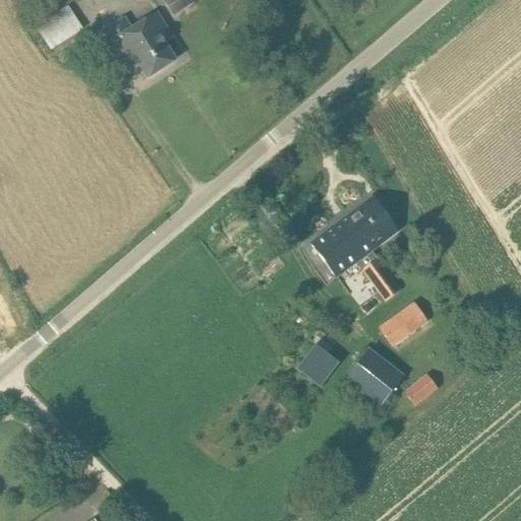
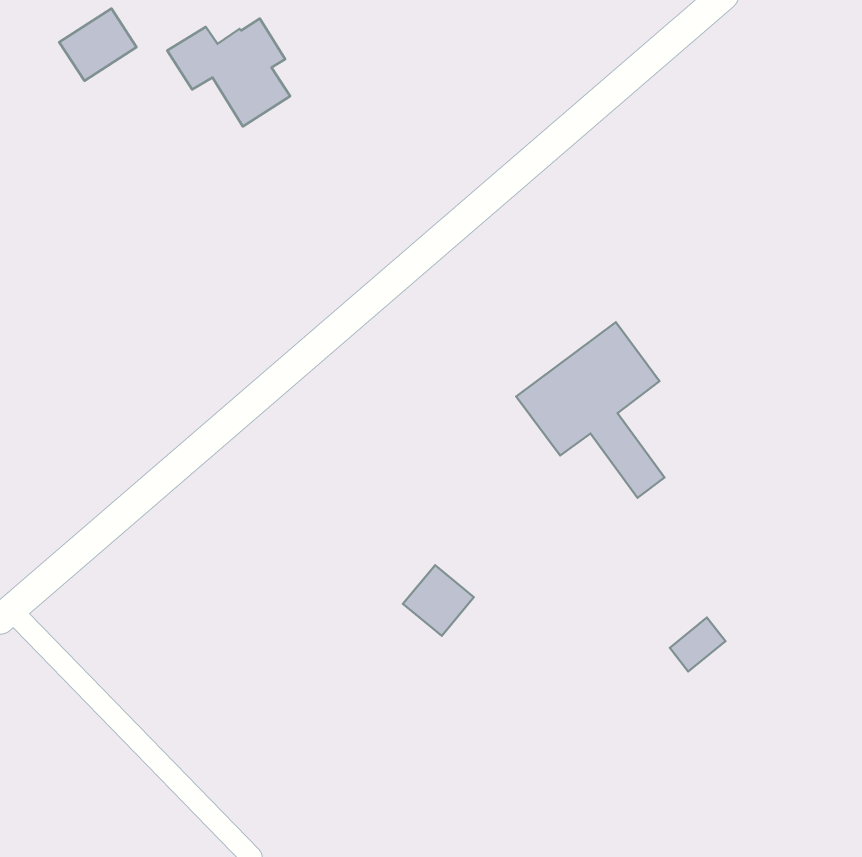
building: [379,301,427,345] -> none
building: [296,342,339,385] -> [403,565,474,636]
building: [344,347,404,406] -> none

